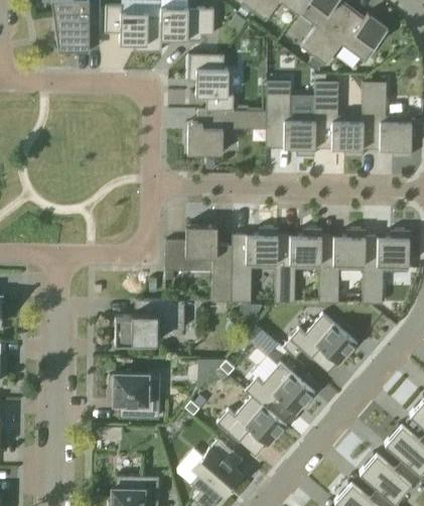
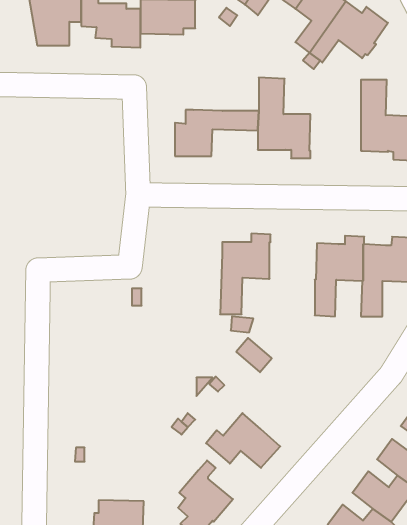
building: [188,53,233,111] -> none
building: [314,81,364,156] -> none
building: [165,225,232,301] -> none
building: [275,227,322,302] -> none
building: [115,300,184,345] -> none
building: [283,313,359,364] -> none
building: [246,361,316,412] -> none
building: [110,373,159,418] -> none

